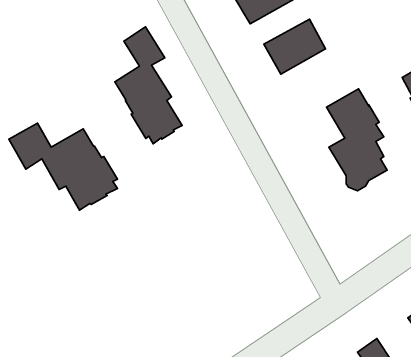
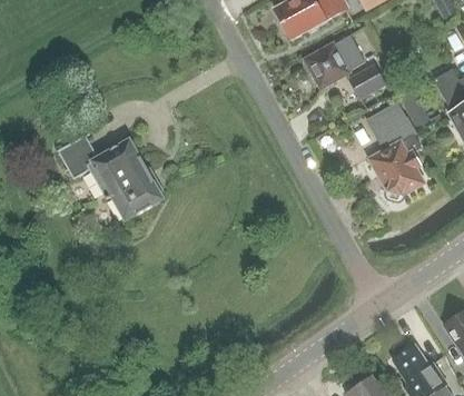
building: [115,27,182,144] -> none
building: none -> [348,65,386,100]

